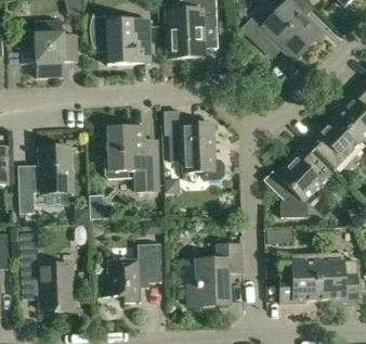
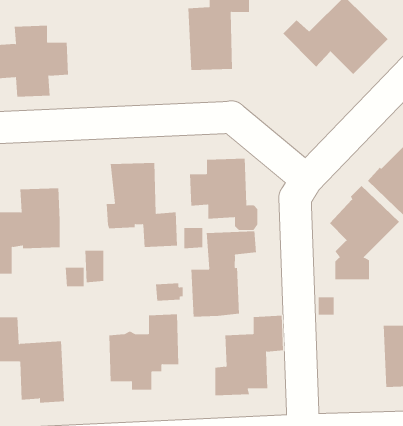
building: [89,13,151,64] -> none
building: none -> [191,230,256,317]
building: [278,252,319,303] -> none

